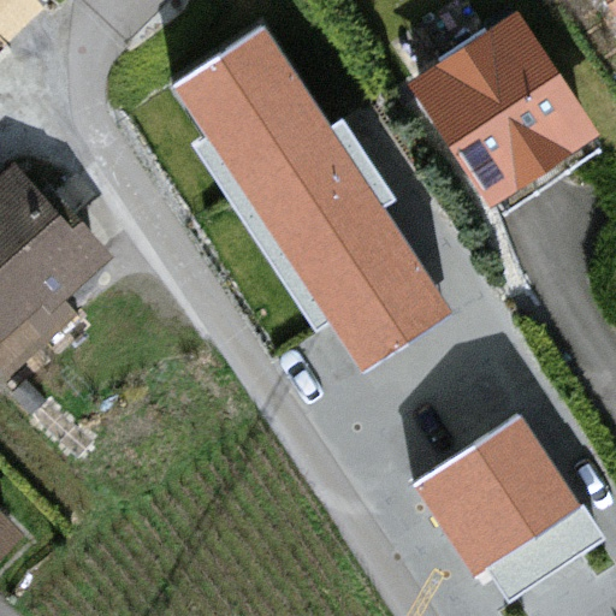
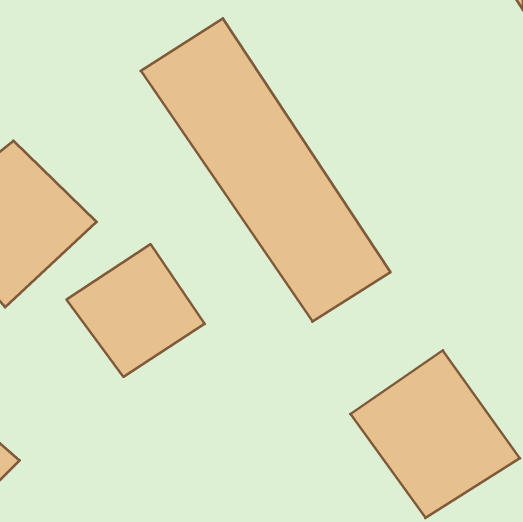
building: [410,18,597,199] -> none
building: none -> [67,244,205,377]

